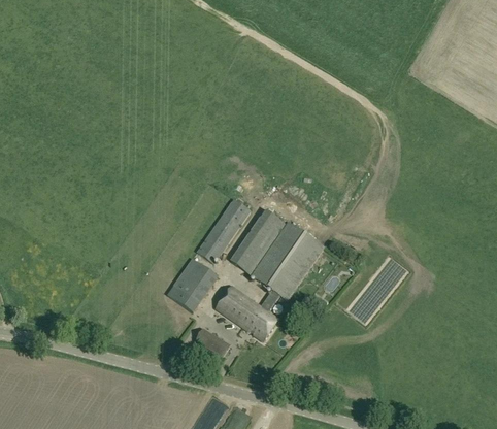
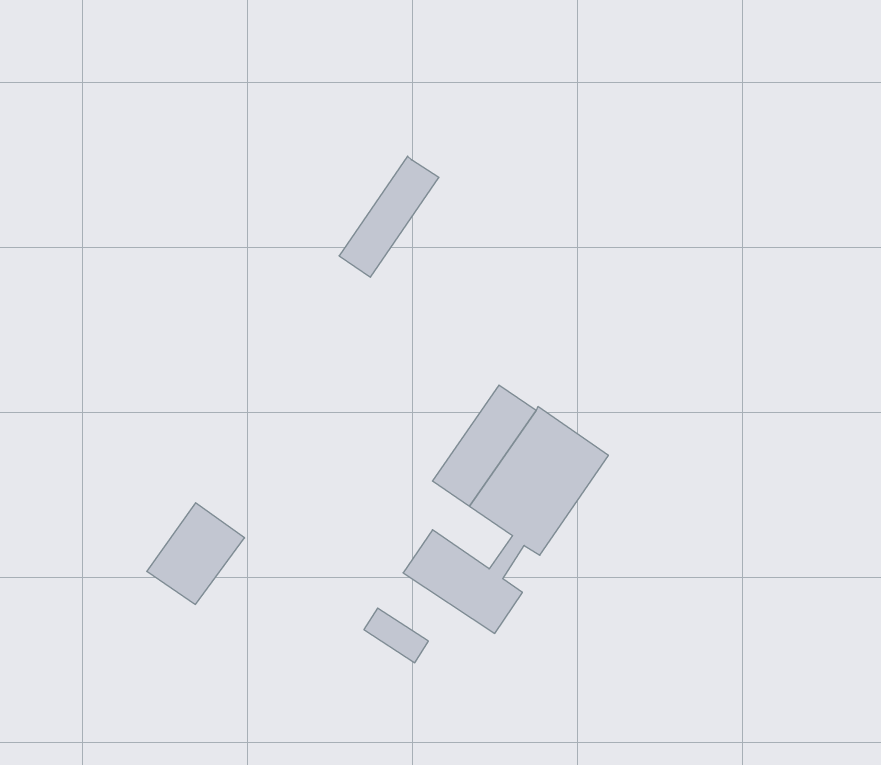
building: [197,199,250,263] -> [339,156,439,277]
building: [166,258,218,311] -> [147,503,245,604]

